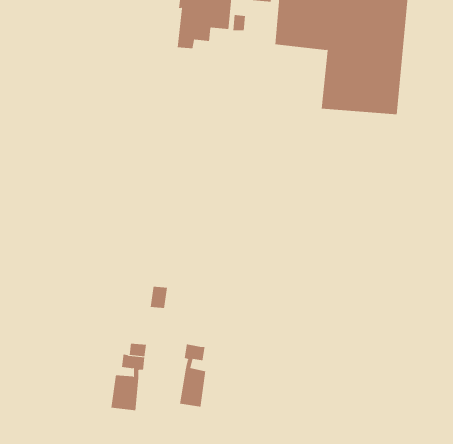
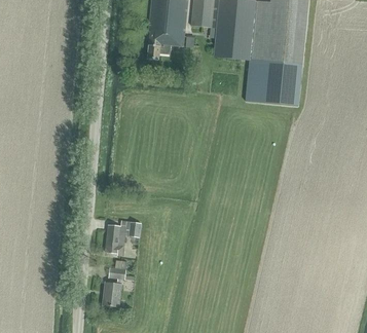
building: none -> [105,224,125,255]
building: [179,343,206,408] -> none

